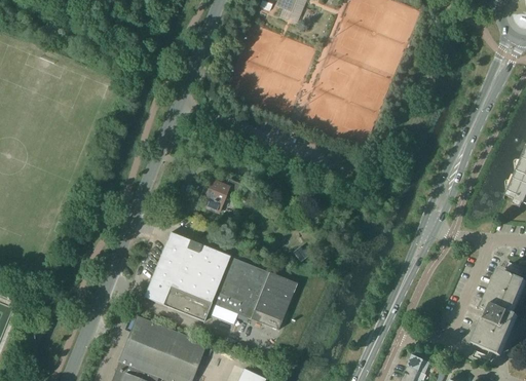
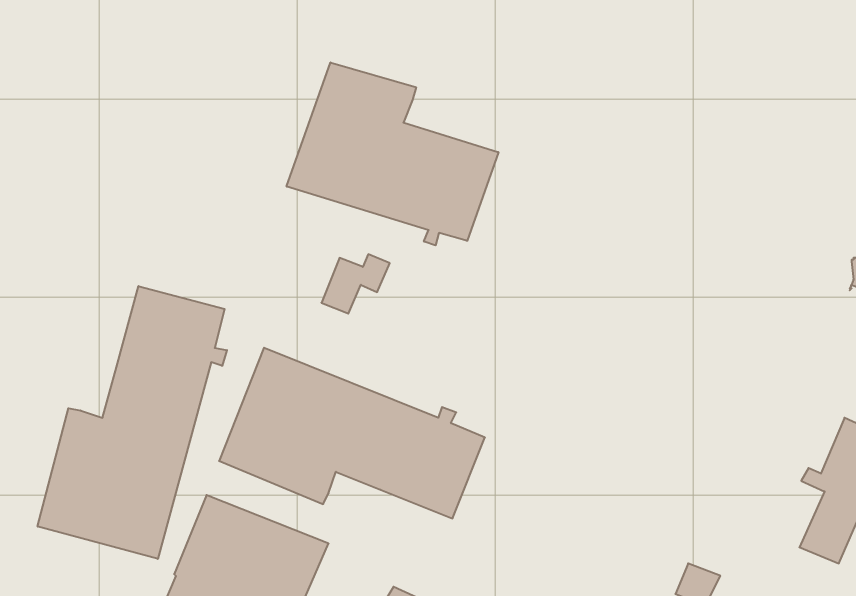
building: none -> [287,62,498,245]
building: none -> [38,286,227,559]

